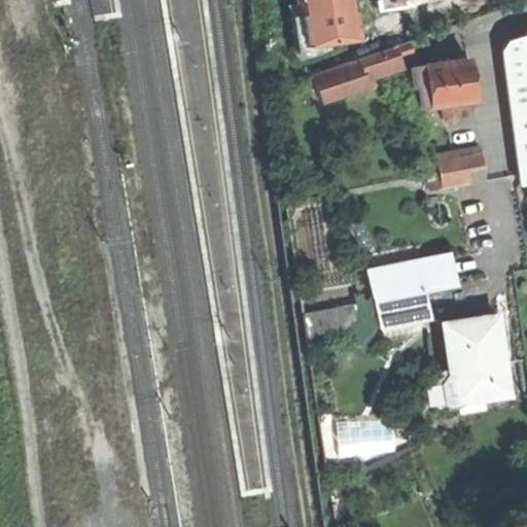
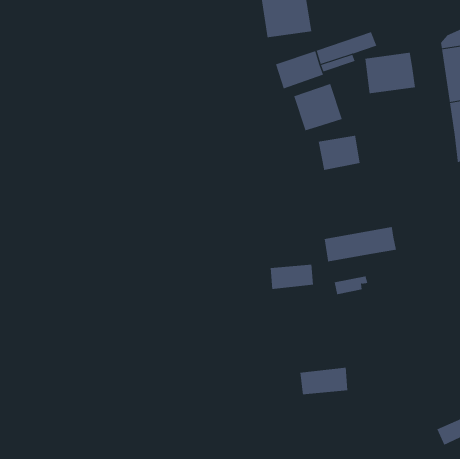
building: none -> [294,83,342,131]
building: [438,147,487,187] -> [318,135,360,170]
building: [378,290,429,322] -> none
building: [445,316,506,399] -> none

